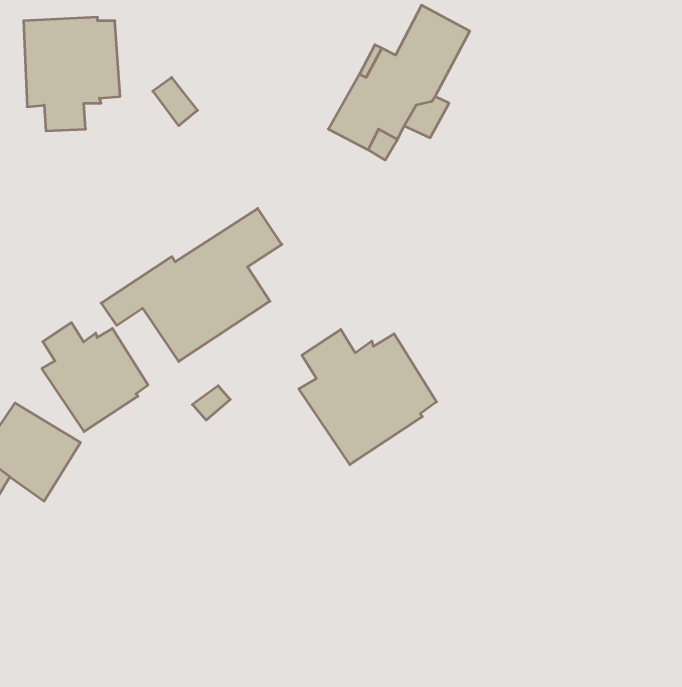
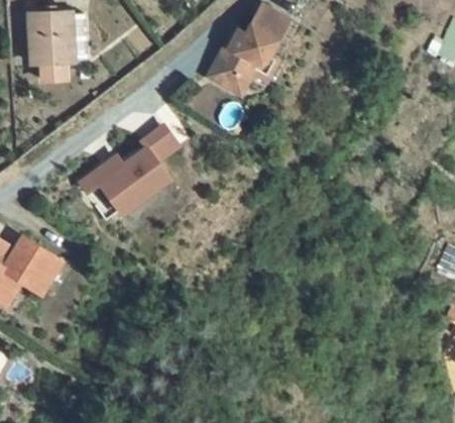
building: [42,323,148,432] -> none
building: [299,329,437,465] -> none

